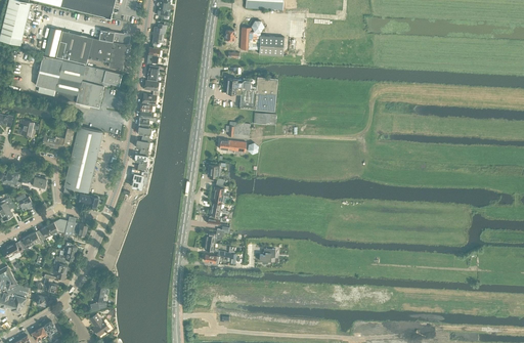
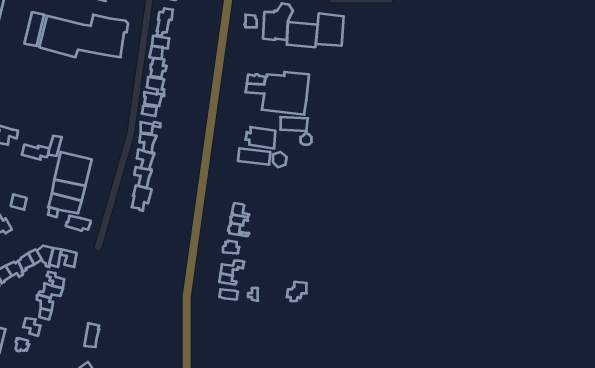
building: none -> [316,13,344,46]
building: [35,54,121,106] -> none
building: [73,126,101,147] -> none

